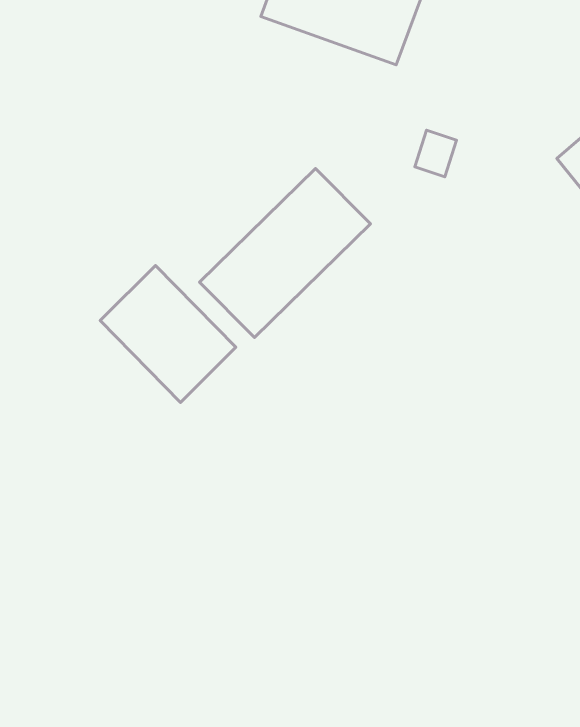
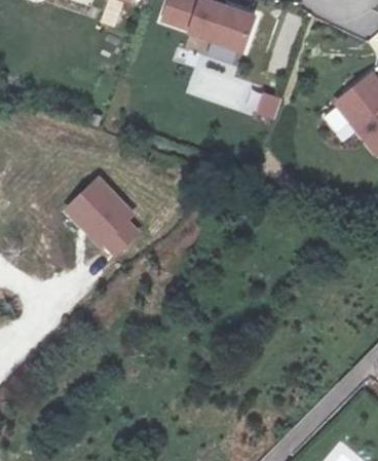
building: [199,169,370,337] -> none

